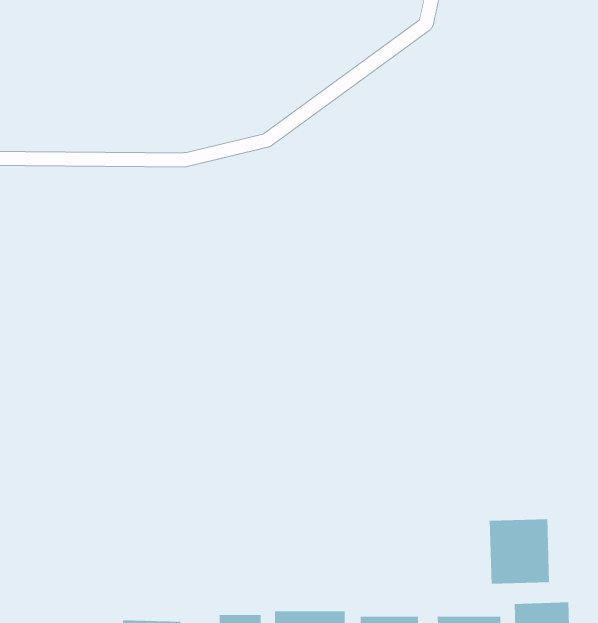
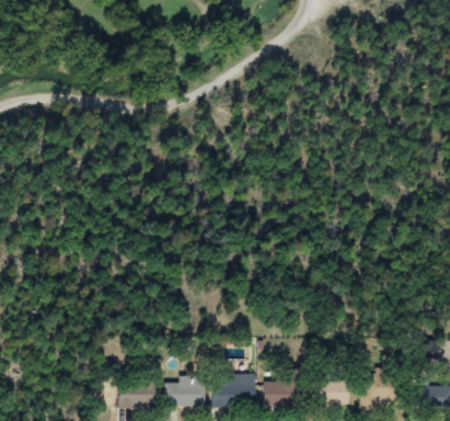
building: [489,518,550,584] -> none

